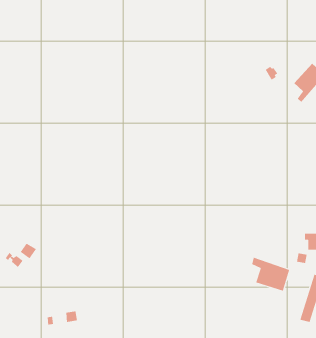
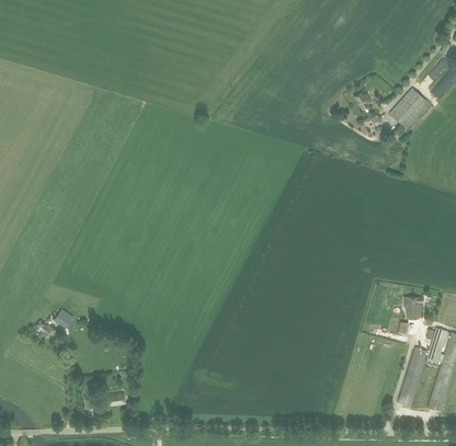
building: [252,257,290,291] -> none

